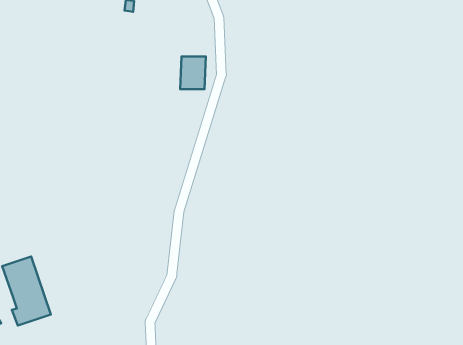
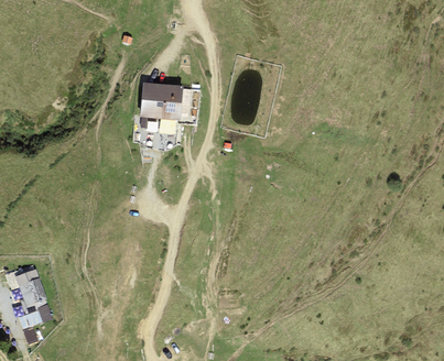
building: none -> [136,84,174,114]

